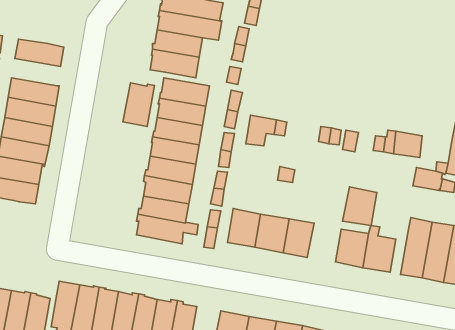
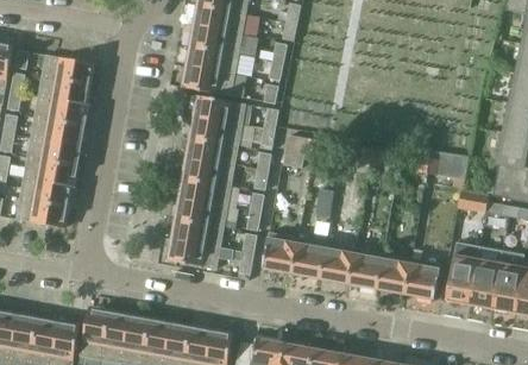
building: none -> [38,75,89,103]
building: [123,83,154,126] -> none
building: [343,187,377,226] -> [347,247,383,288]

